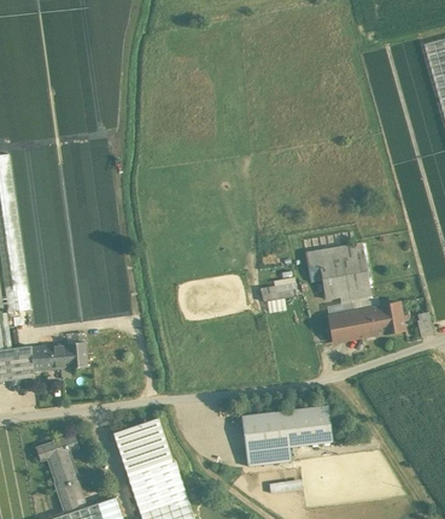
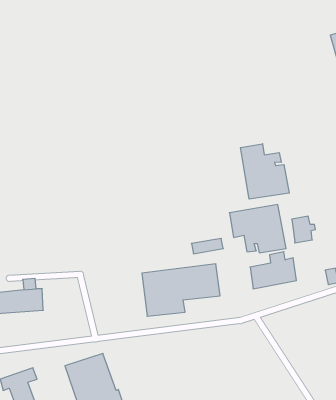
building: none -> [240,144,289,199]
building: [380,302,408,334] -> [292,216,315,243]
building: [241,405,333,466] -> [142,264,220,316]

